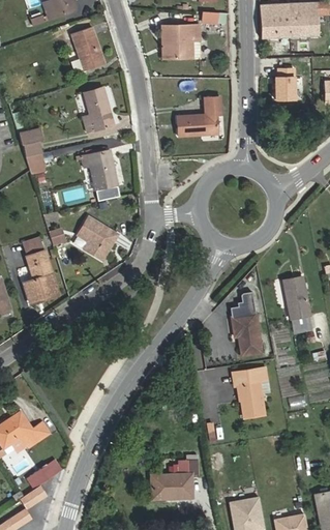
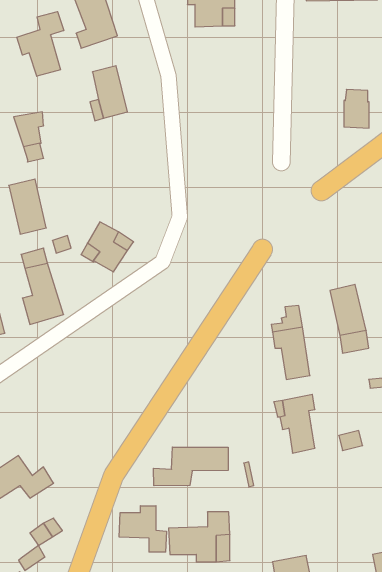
building: none -> [17,12,64,76]
building: [276,66,297,98] -> [344,89,369,128]
building: [177,98,220,138] -> none
building: [85,147,116,193] -> [9,179,46,234]
building: none -> [153,447,228,486]
building: none -> [119,506,166,552]

